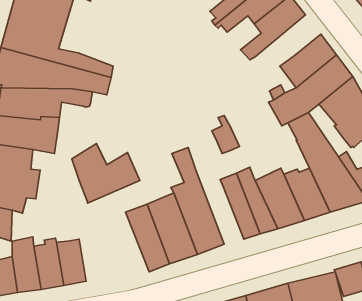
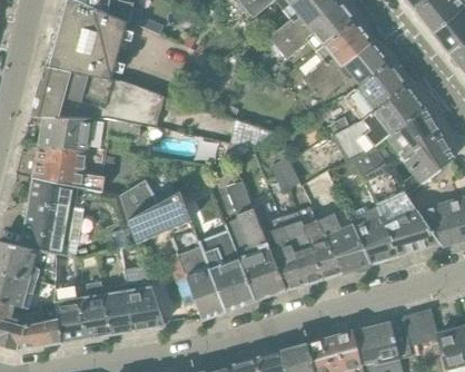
building: none -> [318,40,389,97]
building: none -> [254,204,306,288]
building: none -> [126,264,166,329]

